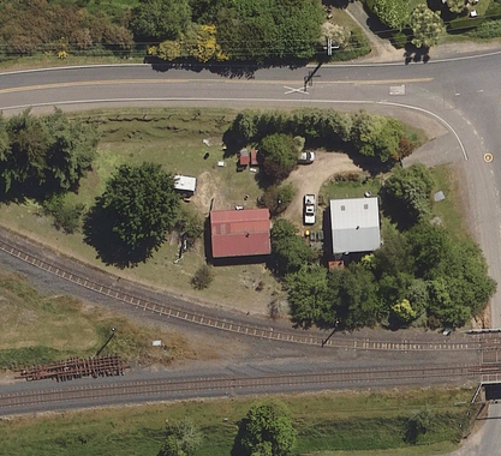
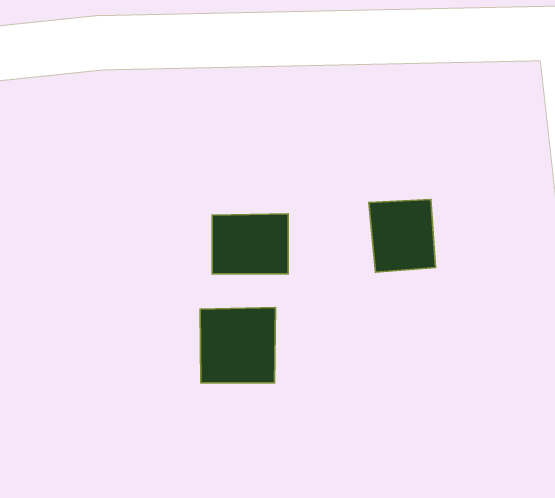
building: none -> [200,307,275,383]

